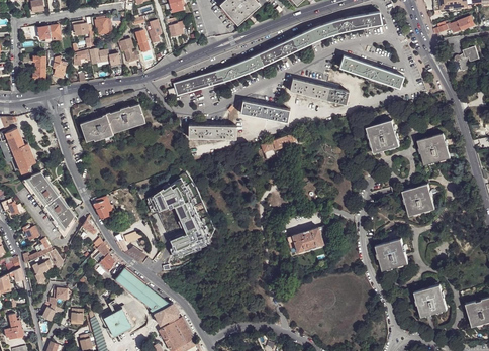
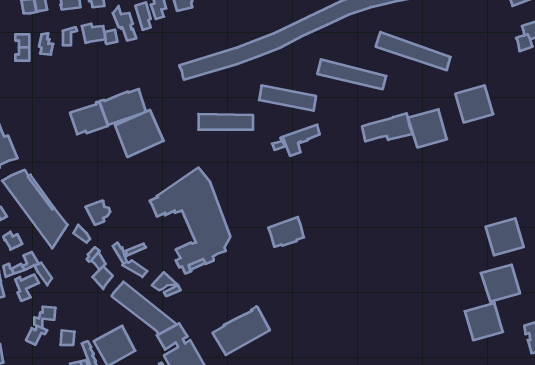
building: none -> [115,110,164,157]
building: none -> [362,113,412,141]
building: [417,134,450,165] -> [455,86,493,122]
building: [402,185,434,216] -> [486,218,524,255]
building: [292,227,322,252] -> [268,217,304,247]
building: [375,239,408,270] -> [481,265,520,302]
building: none -> [213,306,270,355]

